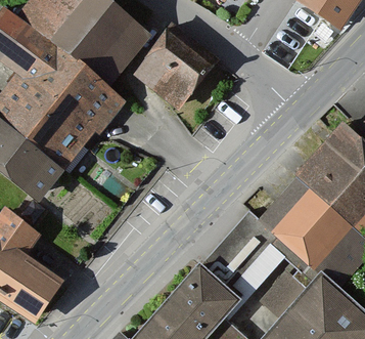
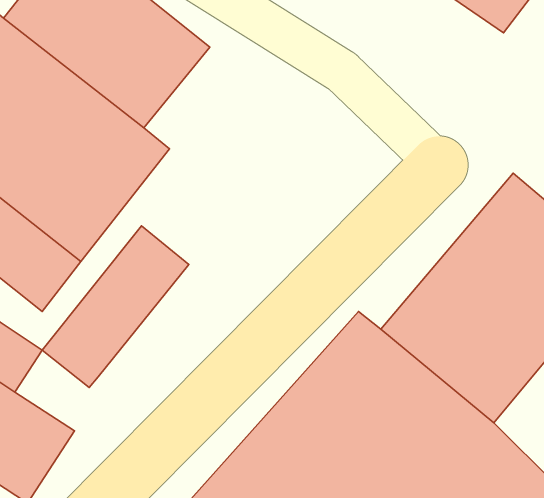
building: [130,18,217,105] -> none
building: none -> [42,226,189,388]

